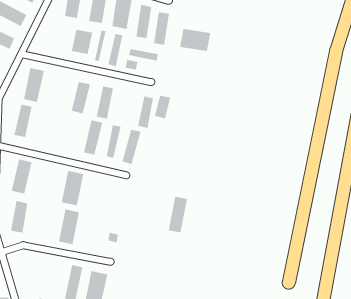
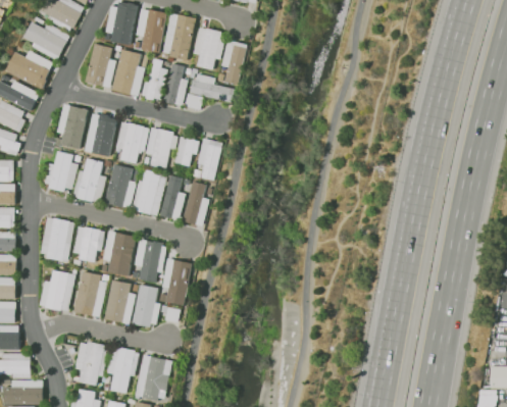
building: none -> [85,43,112,86]
building: [179,28,211,52] -> none
building: none -> [90,113,115,157]
building: [154,95,171,120] -> [173,136,195,166]
building: none -> [77,158,101,201]
building: none -> [104,163,131,207]
building: none -> [79,226,101,261]
building: none -> [139,239,163,282]
building: [168,196,188,233] -> [167,259,192,305]
building: none -> [73,270,100,316]
building: none -> [132,284,157,328]
building: none -> [79,341,104,385]

